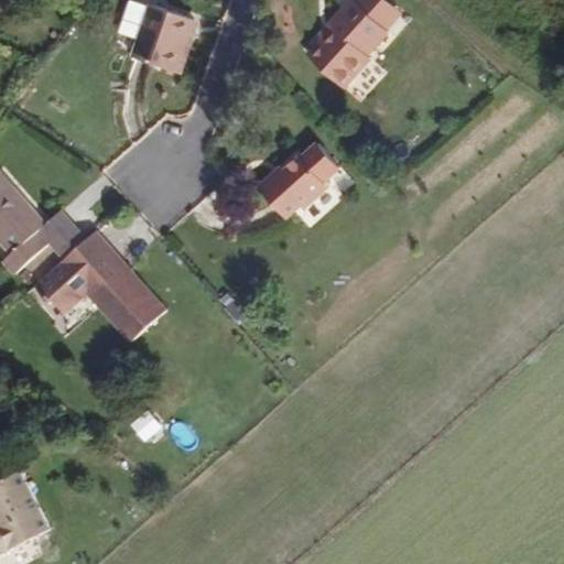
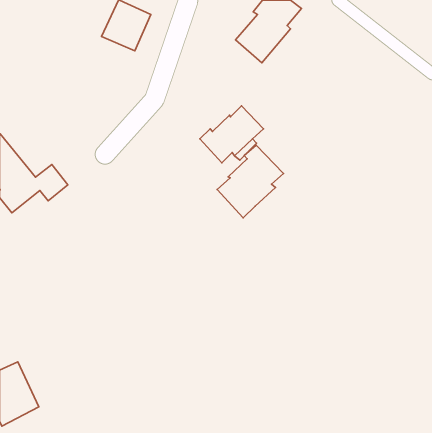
building: none -> [217,145,283,218]
building: [35,235,165,341] -> none

